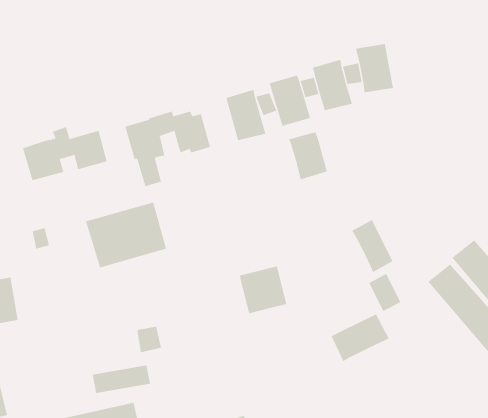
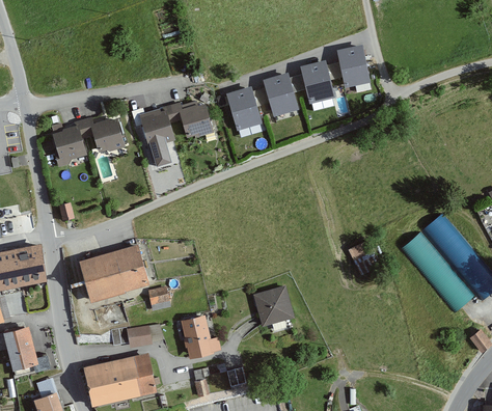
building: [288,131,327,180] -> none
building: [85,202,167,268] -> [78,246,148,303]
building: [352,219,393,273] -> none
building: [239,266,287,314] -> [252,285,294,327]
building: [331,314,389,362] -> none
building: none -> [180,313,220,357]

